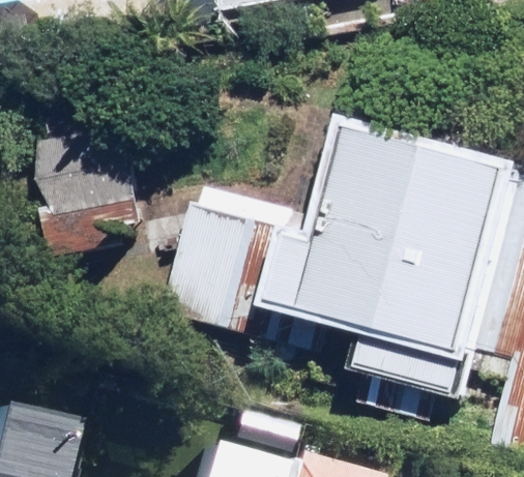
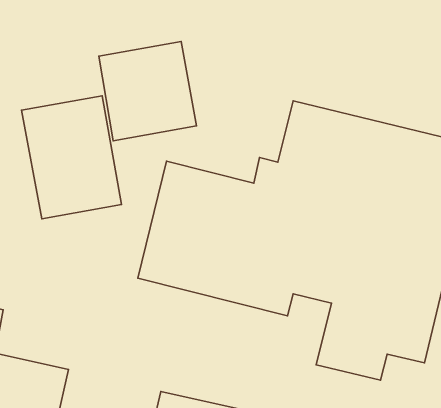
building: none -> [99,41,197,141]

